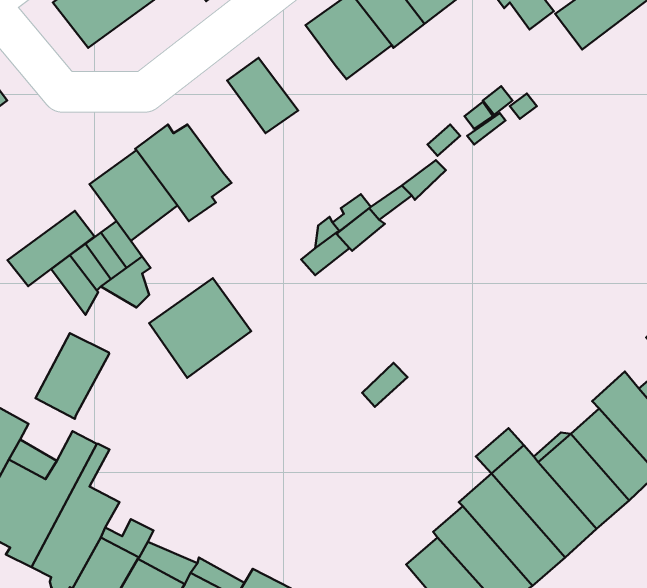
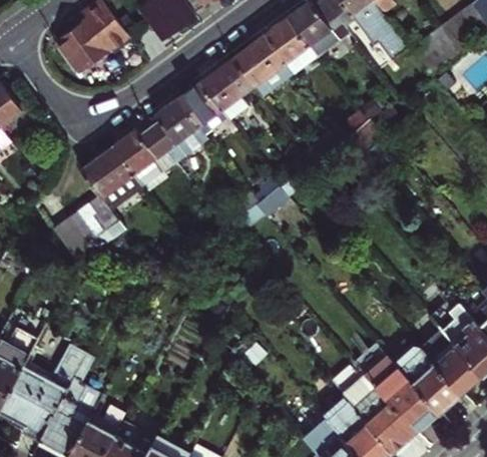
building: none -> [199,58,254,120]
building: none -> [149,97,207,162]
building: [7,211,94,286] -> none
building: [149,278,251,378] -> none
building: [36,333,109,419] -> none

